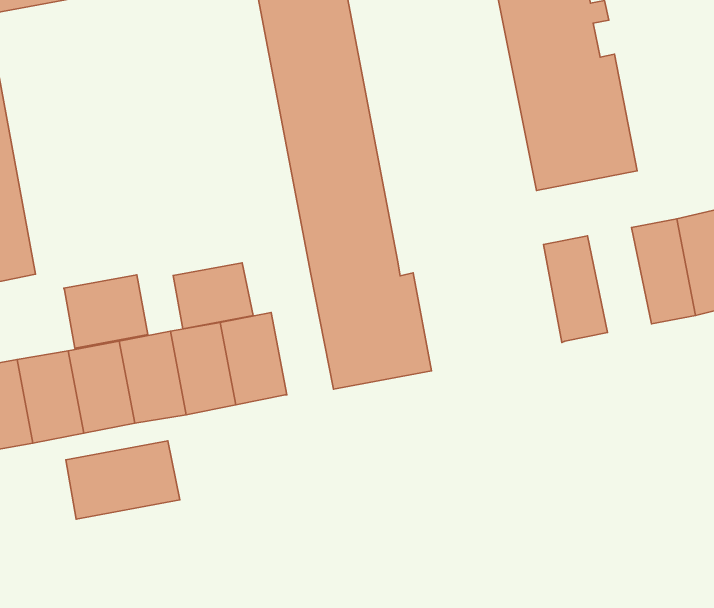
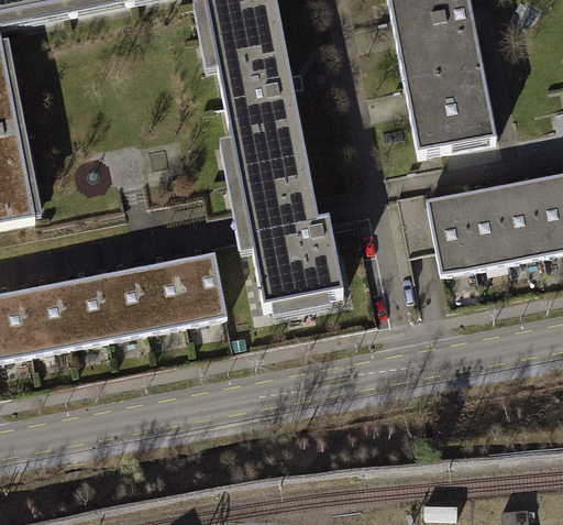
building: none -> [461,186,510,267]
building: [173,263,253,329] -> none
building: [64,275,148,348] -> none
building: [66,441,180,519] -> none

